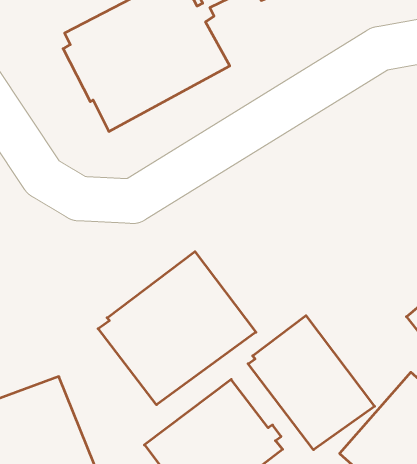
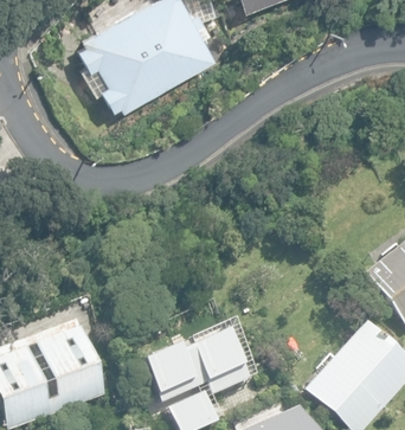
building: [98,252,256,405] -> none
building: [248,316,375,450] -> none

